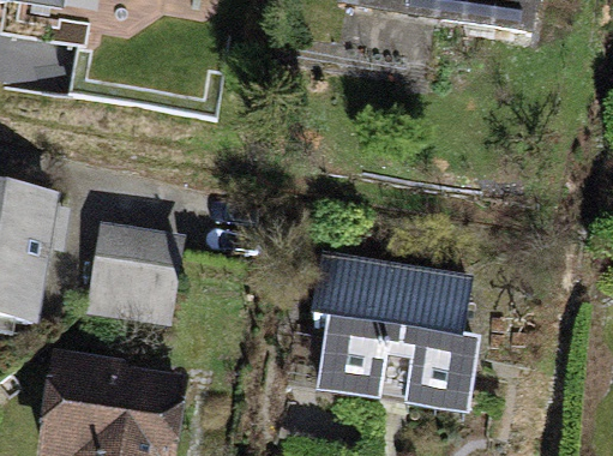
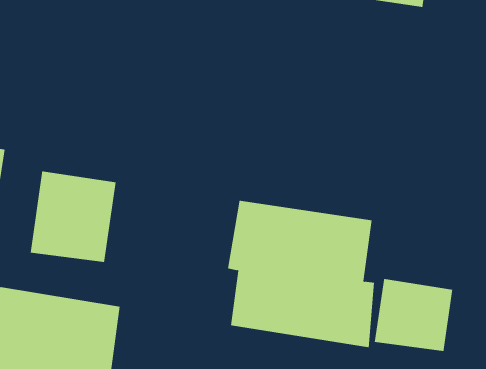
building: none -> [374,278,453,352]

